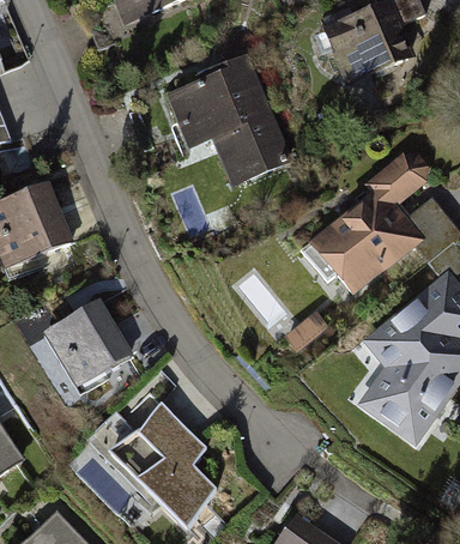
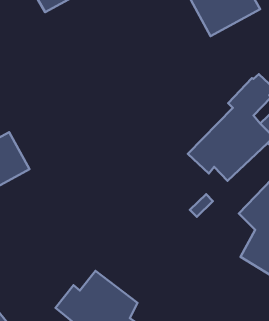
building: [162,61,289,185] -> none
building: [47,303,133,389] -> none

